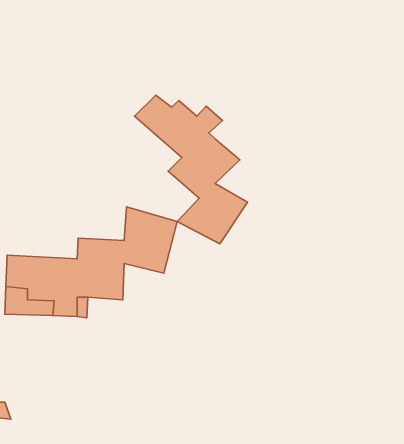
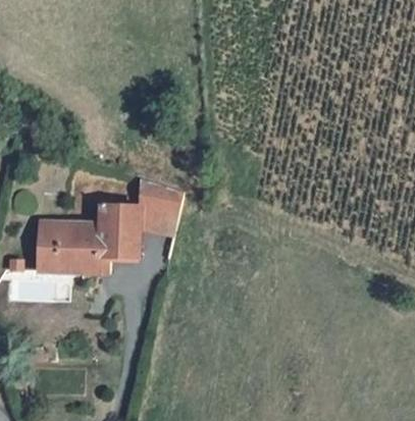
building: [135,95,247,244] -> none

